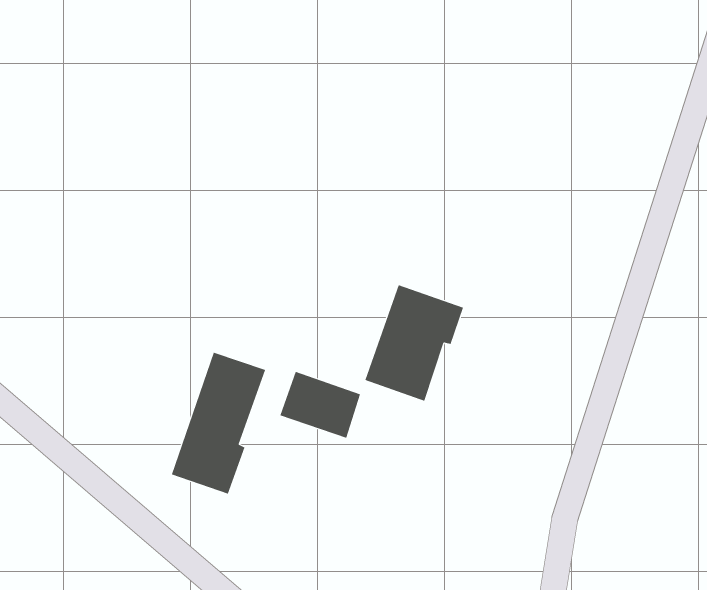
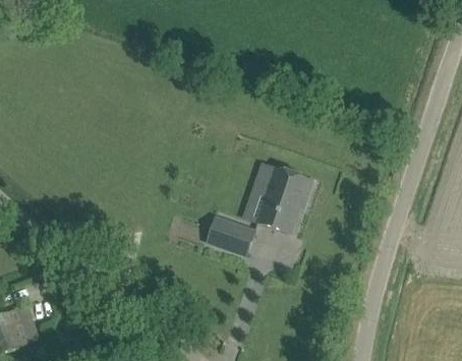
building: [171,352,266,495] -> none

